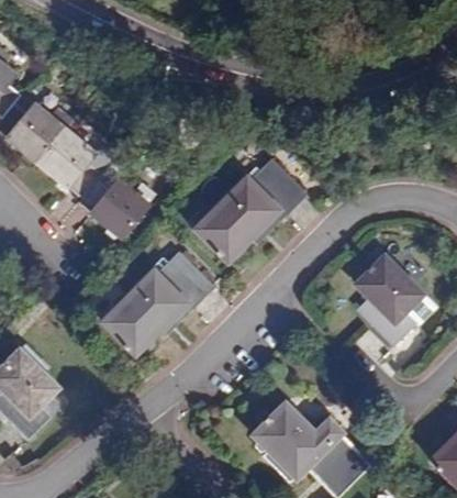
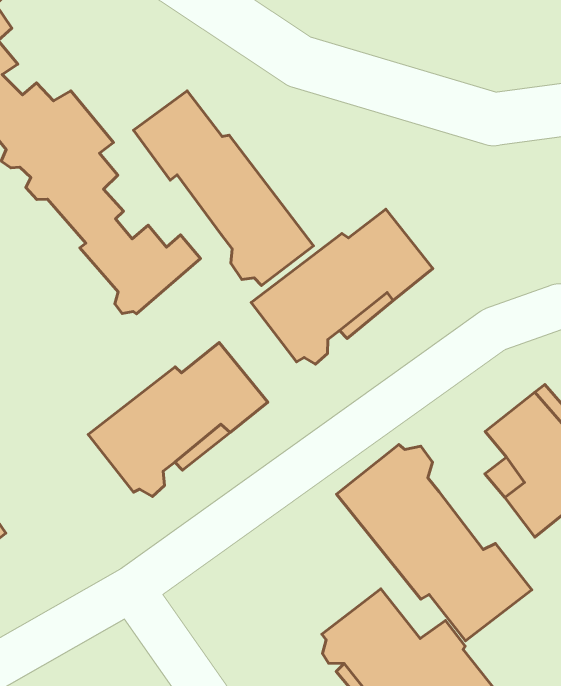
building: none -> [133,91,314,285]
building: none -> [336,445,532,641]

